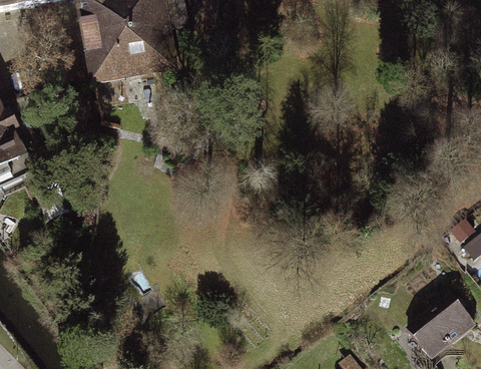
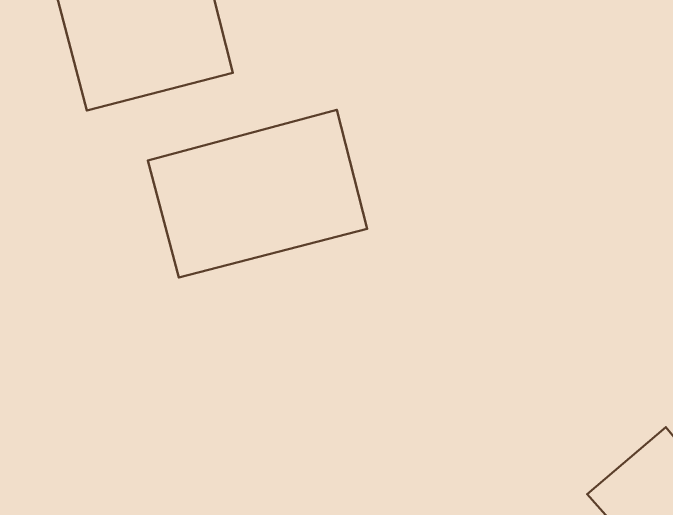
building: none -> [148,110,367,277]

